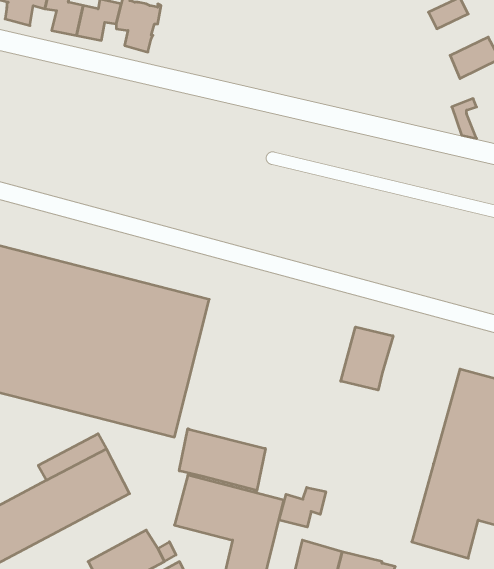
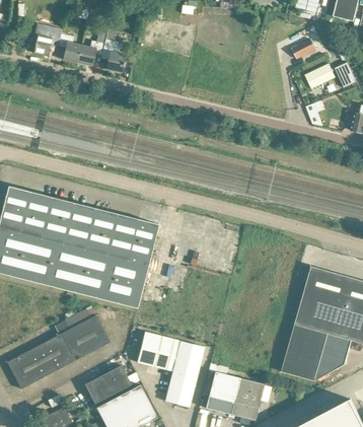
building: [341,327,393,390] -> none
building: [179,429,265,491] -> none
building: [279,487,326,527] -> none

